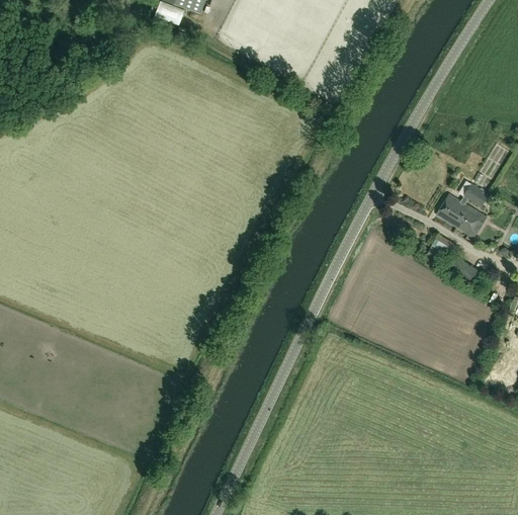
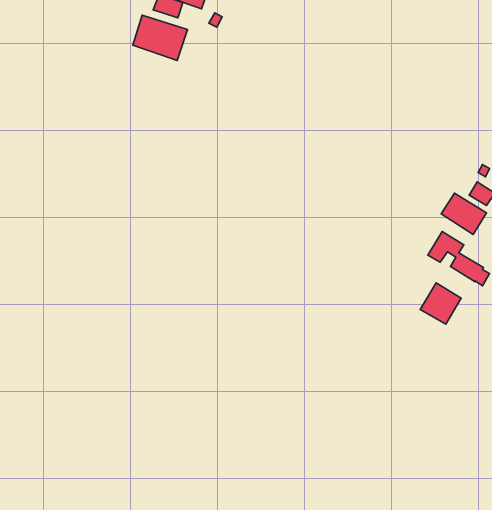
building: none -> [133,15,187,60]
building: none -> [420,283,461,324]

